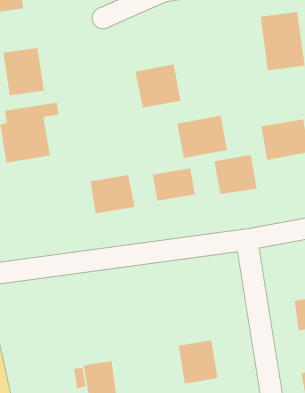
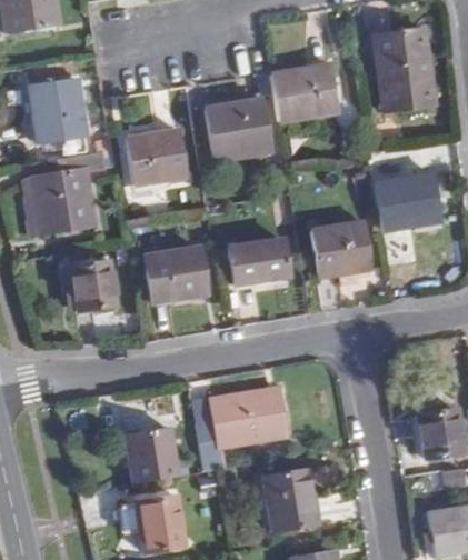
building: none -> [126,130,187,184]
building: [176,115,228,159] -> [271,63,340,122]
building: none -> [72,262,118,310]
building: none -> [197,388,286,471]
building: none -> [127,430,179,482]

